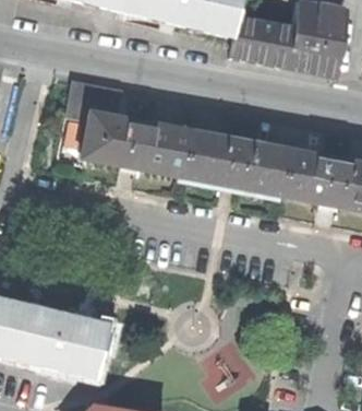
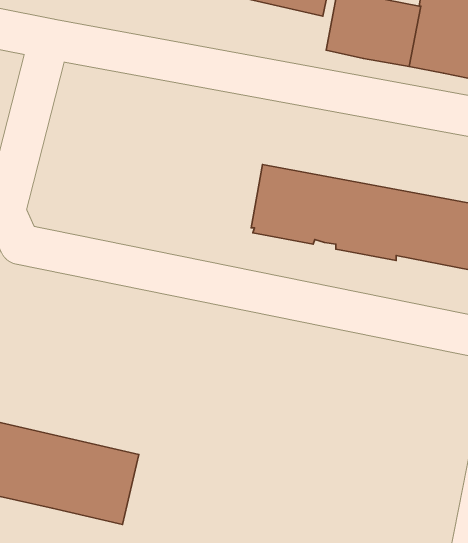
building: [71,83,192,176] -> none

